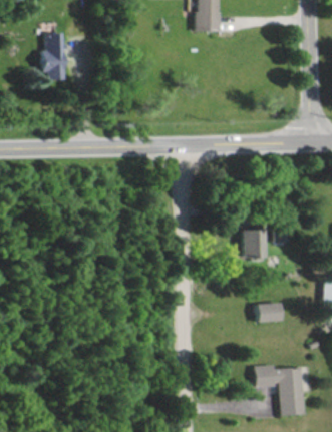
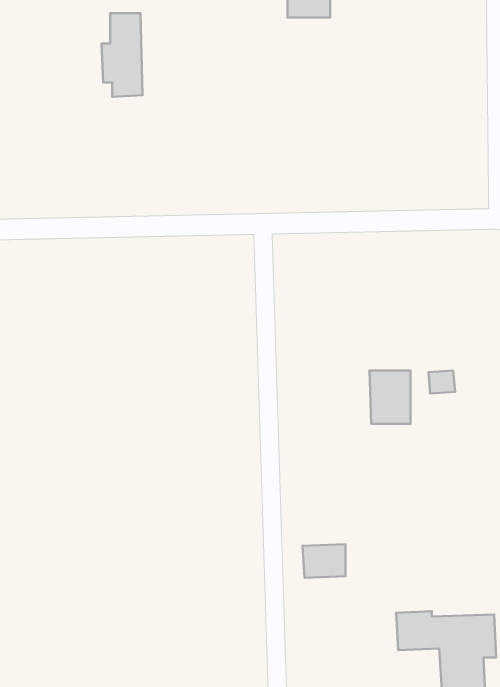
building: [40,33,63,80] -> [101,13,142,97]
building: [257,303,281,322] -> [303,544,345,578]

